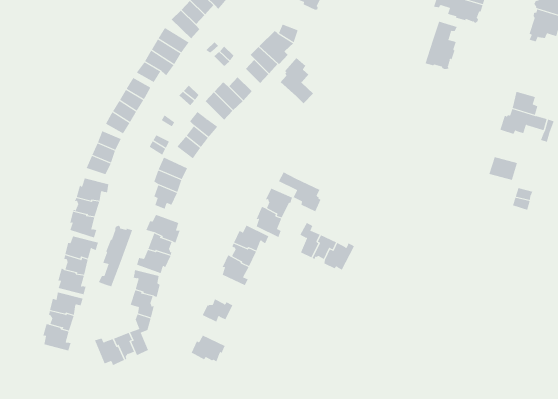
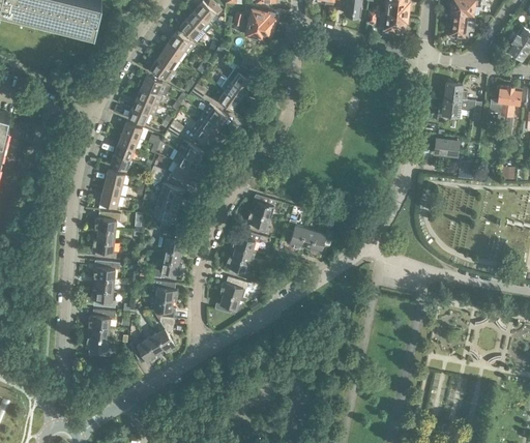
building: [425,21,458,70] -> none
building: [280,57,314,104] -> none
building: [278,171,321,212] -> none
building: [98,225,133,287] -> none
building: [191,335,225,362] -> [219,276,247,297]

